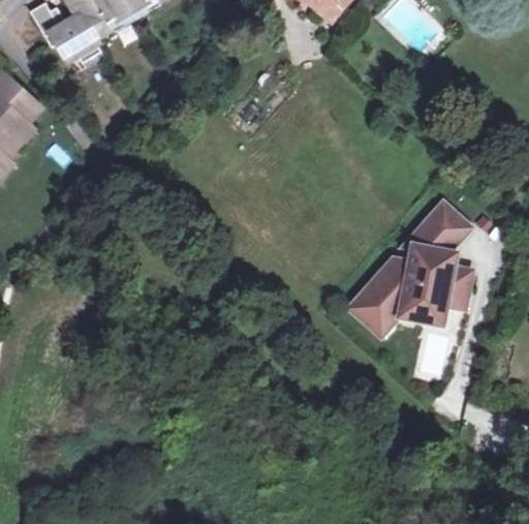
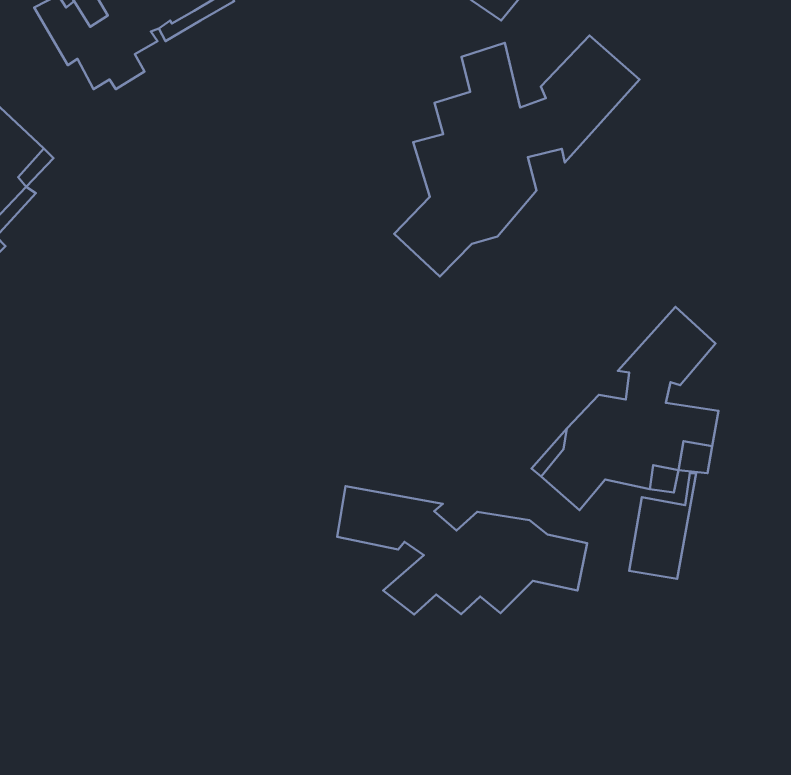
building: none -> [394,35,640,277]
building: none -> [337,486,587,614]

